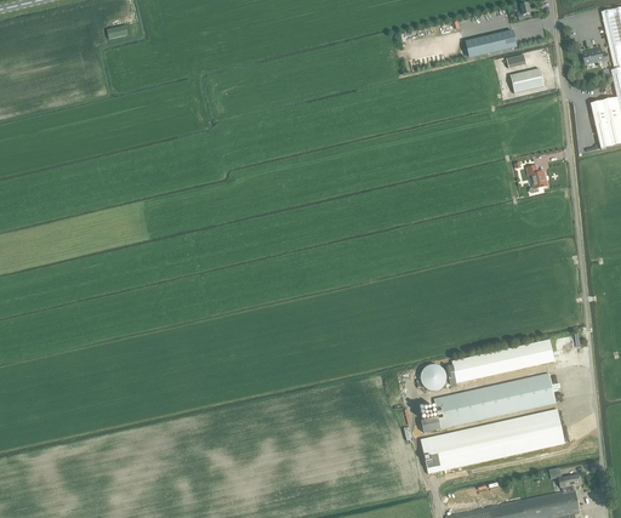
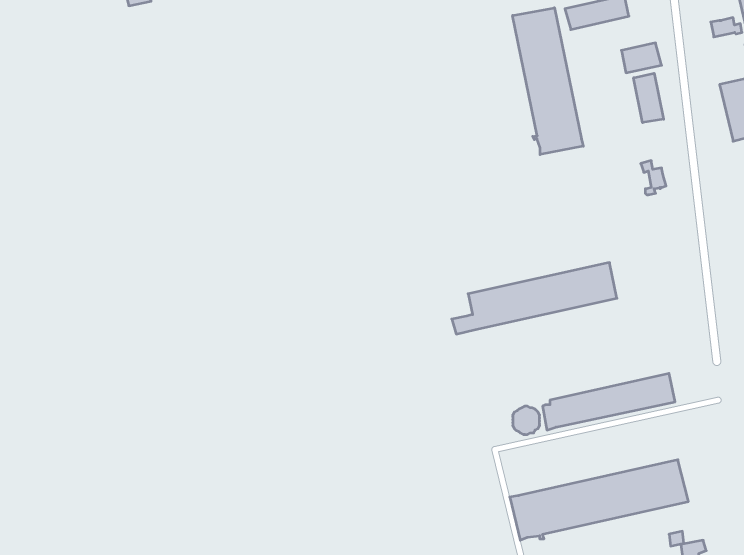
building: none -> [513,8,583,155]
building: none -> [634,73,664,123]
building: [421,374,556,432] -> [452,263,617,334]

